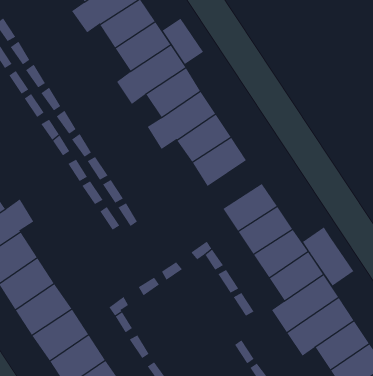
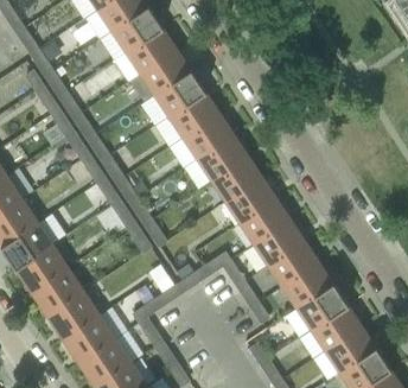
building: [162,18,204,65] -> none
building: none -> [225,177,276,222]
building: [302,227,354,287] -> none

